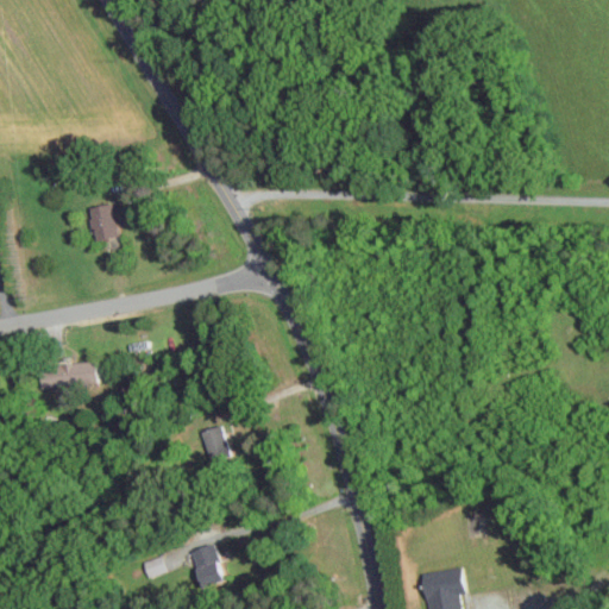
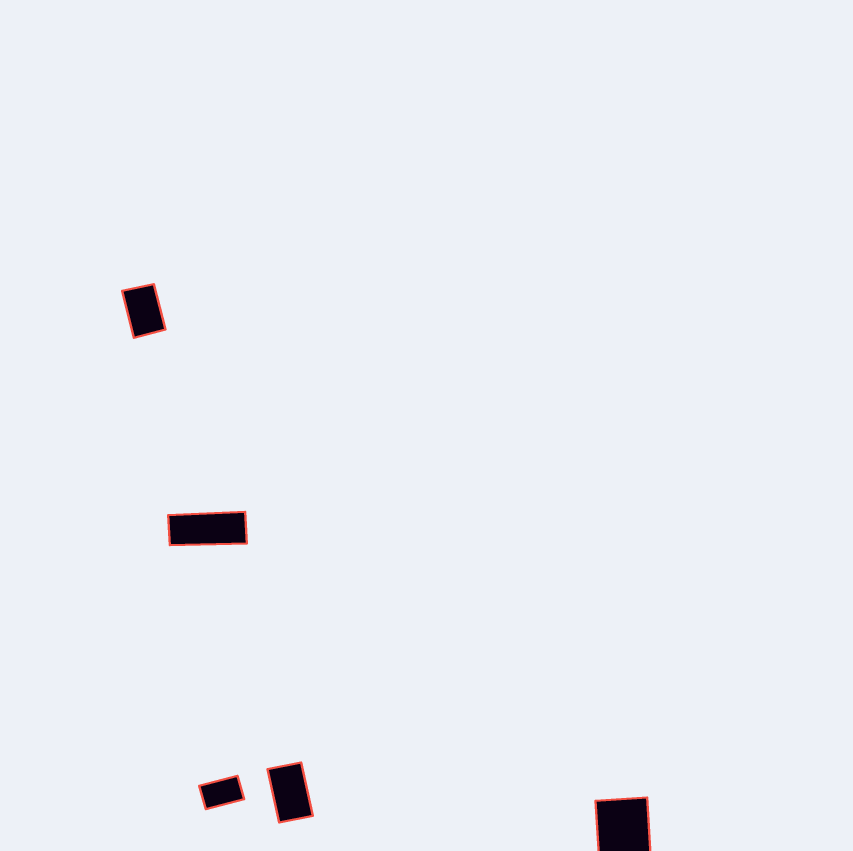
building: [38,364,94,388] -> [168,512,247,545]
building: [201,427,228,463] -> none

